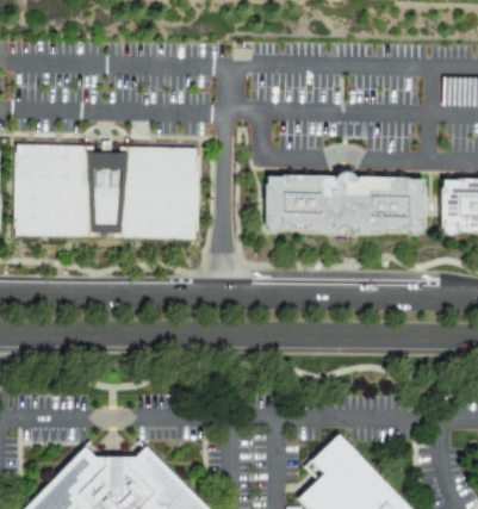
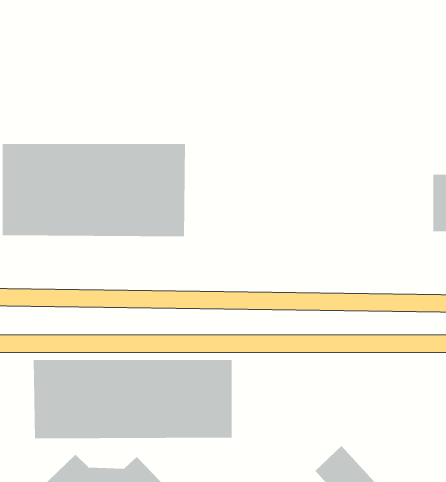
building: [268,172,426,229] -> none
building: none -> [33,359,232,439]

